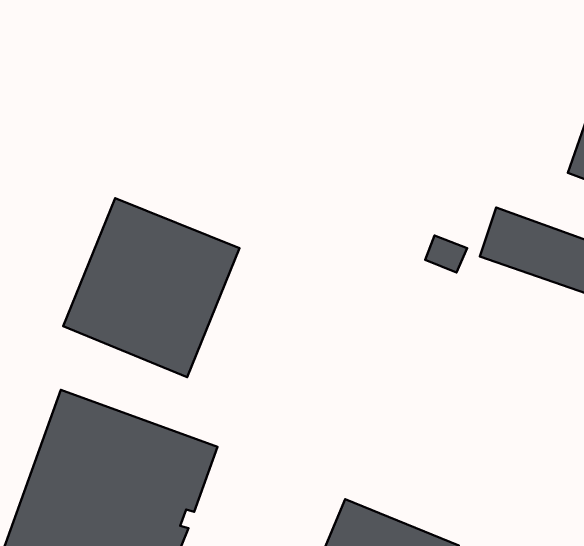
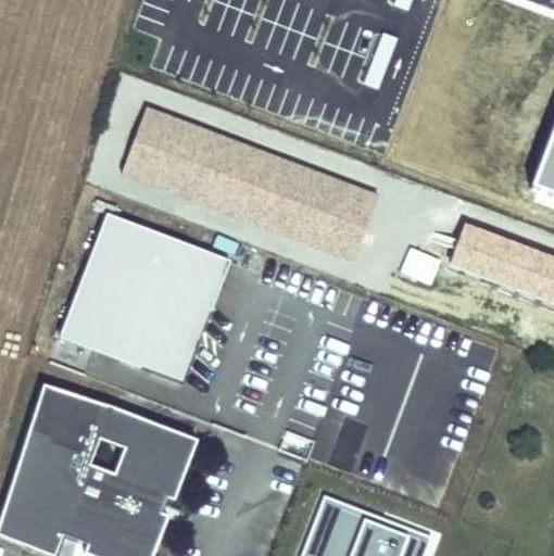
building: none -> [121,105,376,260]

